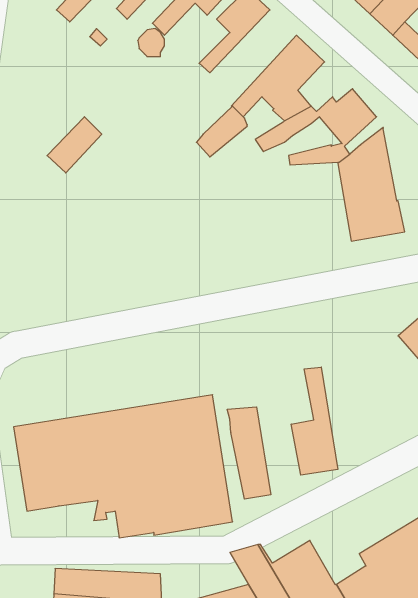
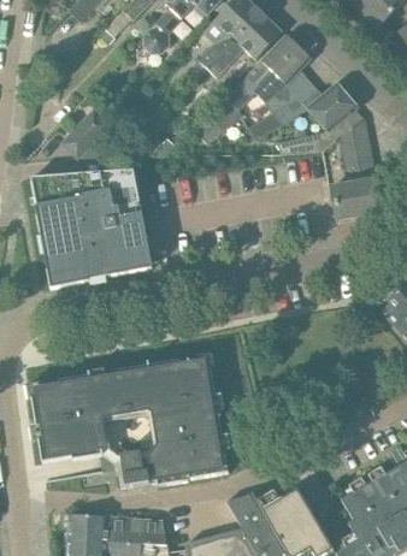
building: none -> [207,11,282,76]
building: none -> [30,170,151,286]
building: [291,367,338,475] -> none
building: [227,407,271,499] -> none

